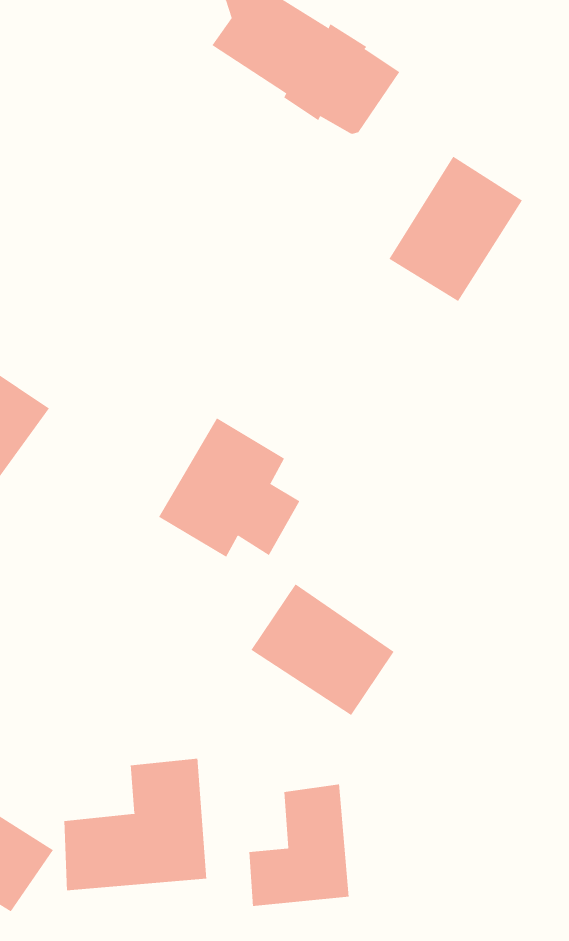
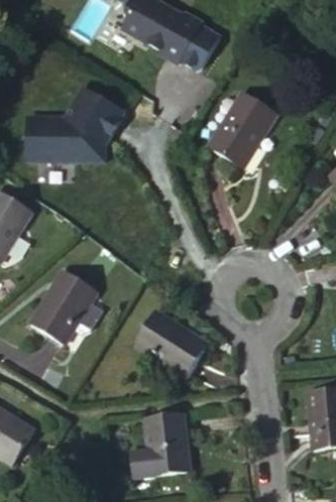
building: none -> [18,84,115,156]
building: [158,418,300,558] -> [33,272,107,345]
building: [64,758,207,891] -> none

